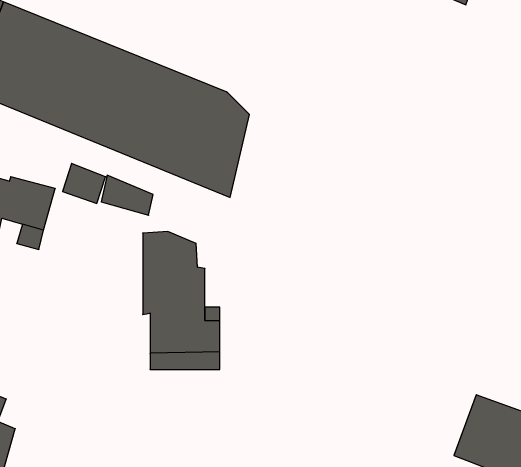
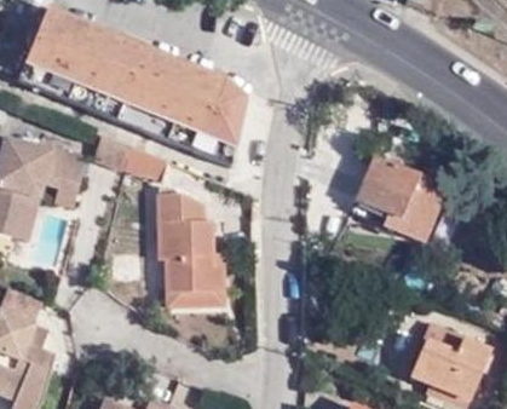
building: none -> [353,157,445,242]

